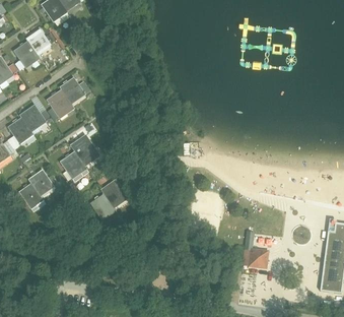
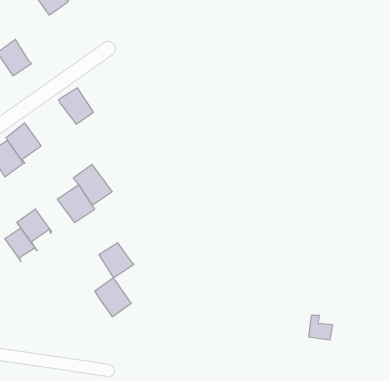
building: [25,29,52,57] -> none
building: [46,88,75,119] -> none
building: [101,179,129,208] -> [95,278,131,317]

